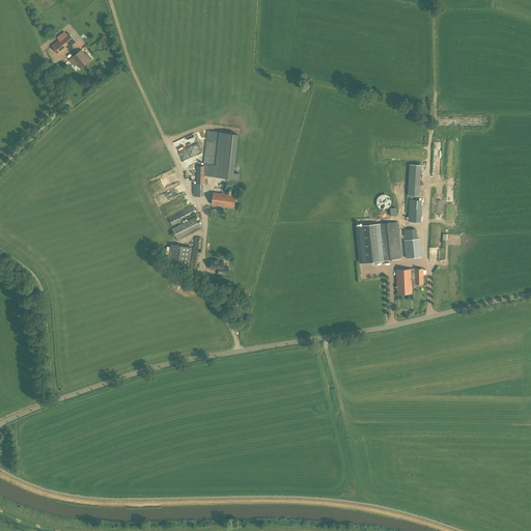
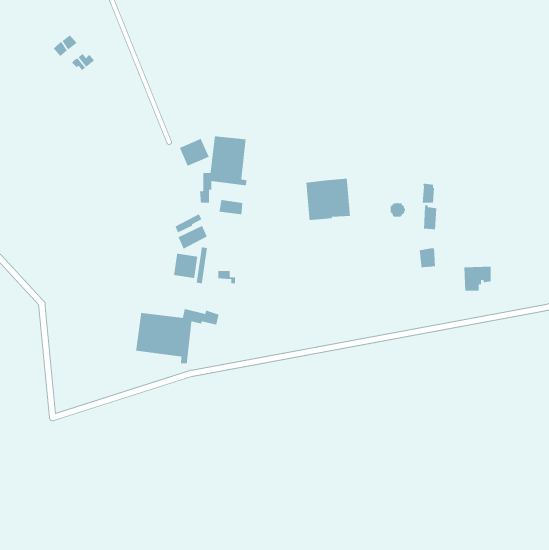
building: [357,222,400,263] -> [306,178,351,221]
building: [395,269,422,294] -> [463,266,491,292]
building: none -> [135,308,219,364]

